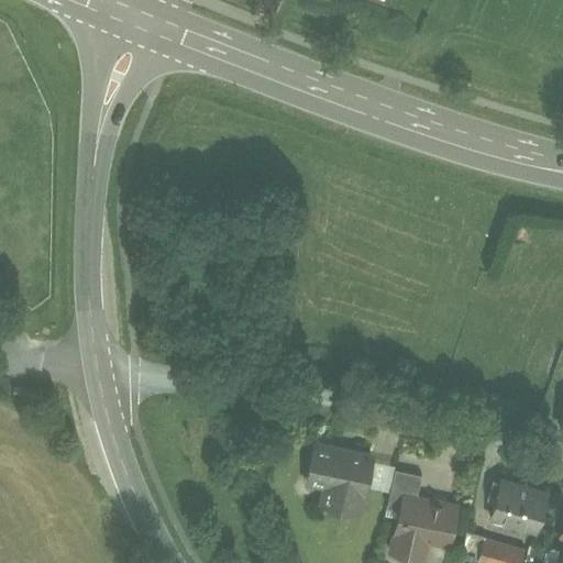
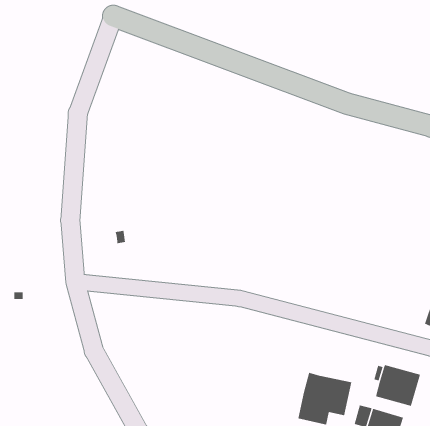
building: [307,441,378,512] -> none
building: [387,471,423,518] -> none

